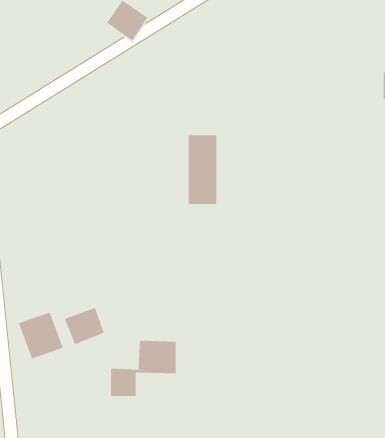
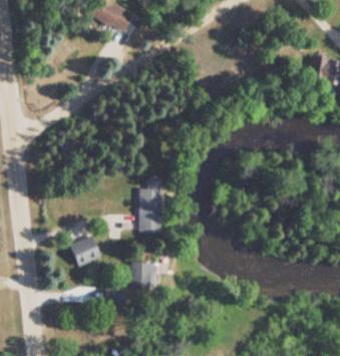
building: [188,135,217,205] -> [138,179,160,232]
building: [18,311,64,359] -> none

